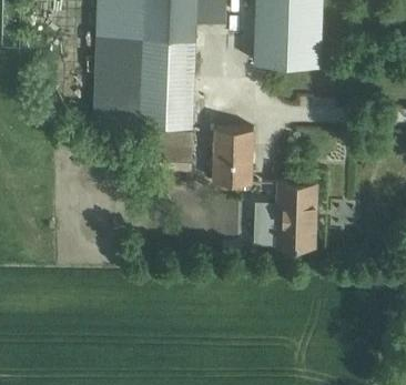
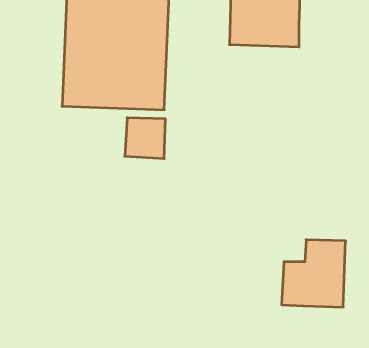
building: [214,132,254,188] -> none
building: [255,186,316,251] -> [282,240,346,307]

